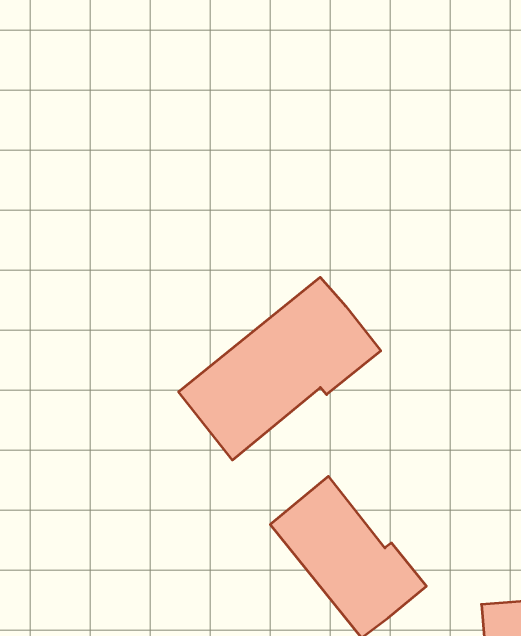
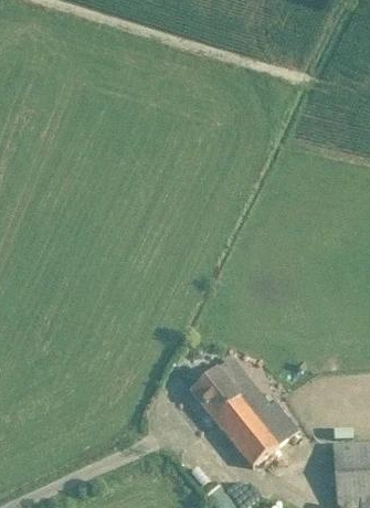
building: [179,277,381,460] -> none

